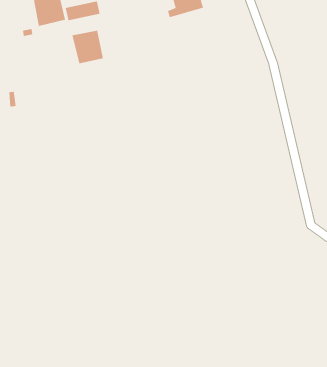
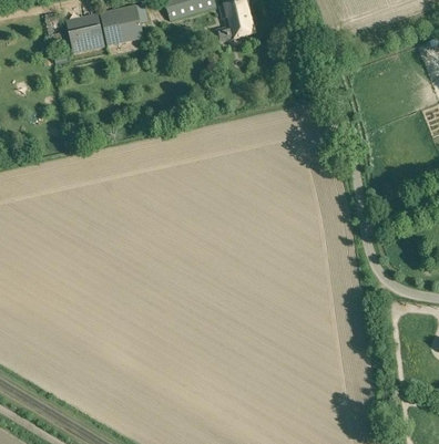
building: [72,30,104,64] -> none

